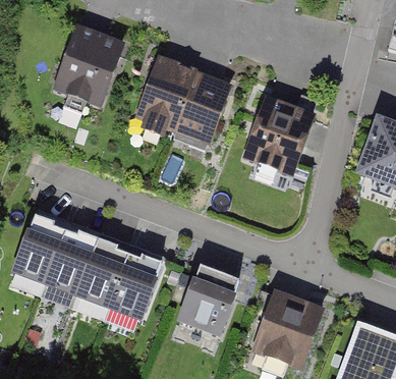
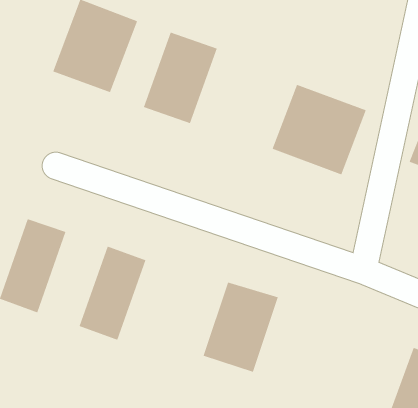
building: [167,66,231,147] -> none
building: [37,223,96,305] -> none
building: [105,248,164,329] -> none
building: [256,292,329,369] -> none

